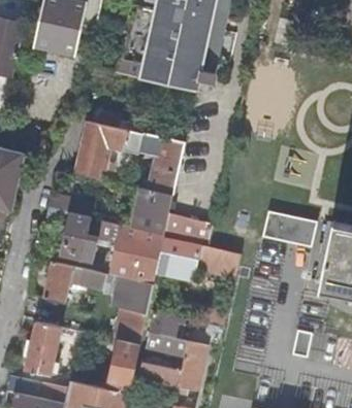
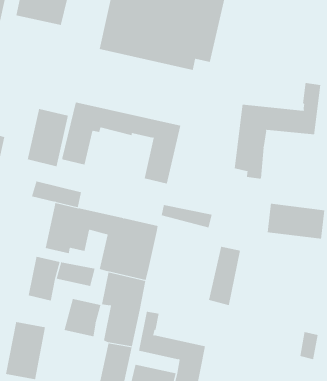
building: none -> [234,82,321,180]
building: none -> [27,108,69,167]
building: [132,189,172,234] -> none
building: [156,239,200,279] -> none
building: none -> [64,298,101,337]

